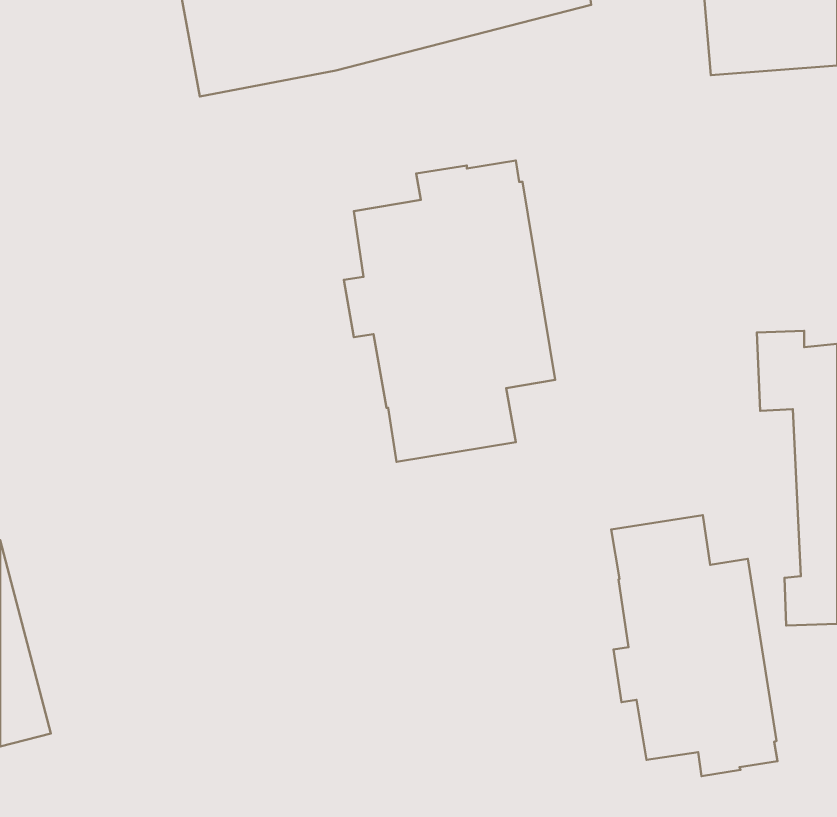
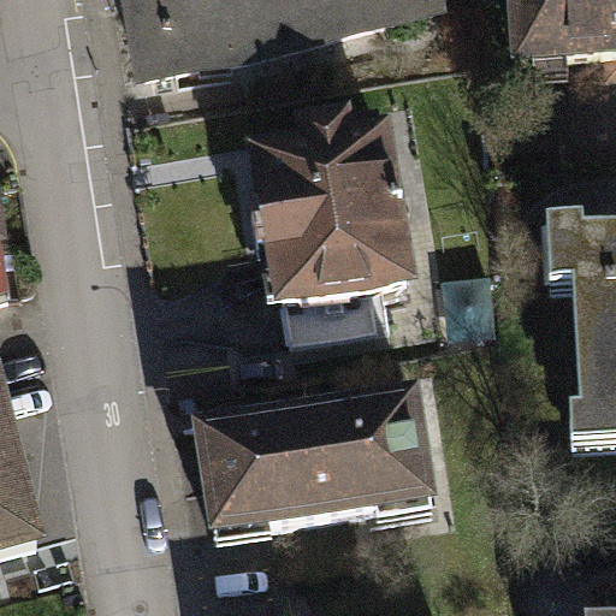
building: [611,515,777,776] -> none
building: none -> [201,395,431,531]

